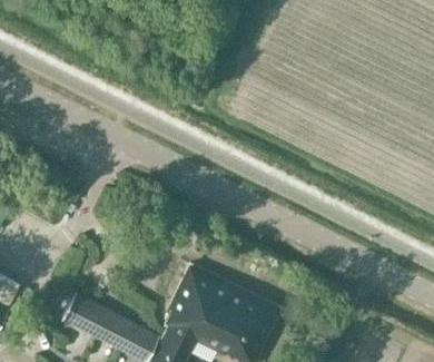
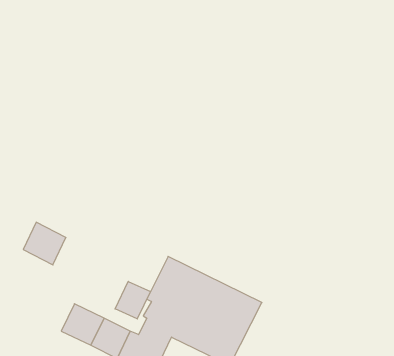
building: none -> [115,281,150,319]
building: [60,293,100,333] -> [23,222,66,265]

